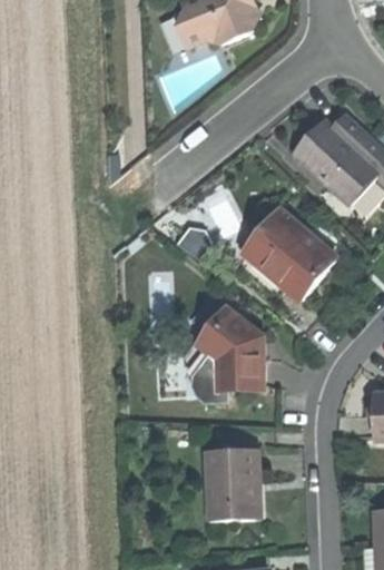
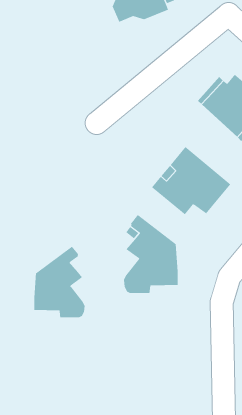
building: none -> [34,246,85,318]
building: [207,448,259,520] -> none

